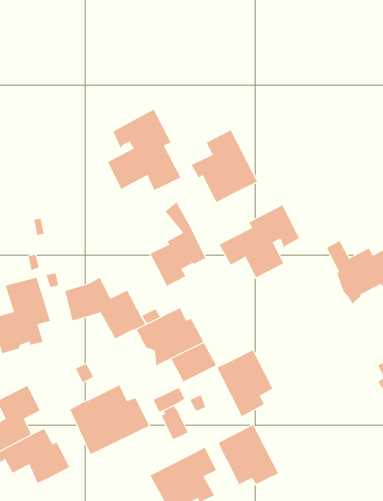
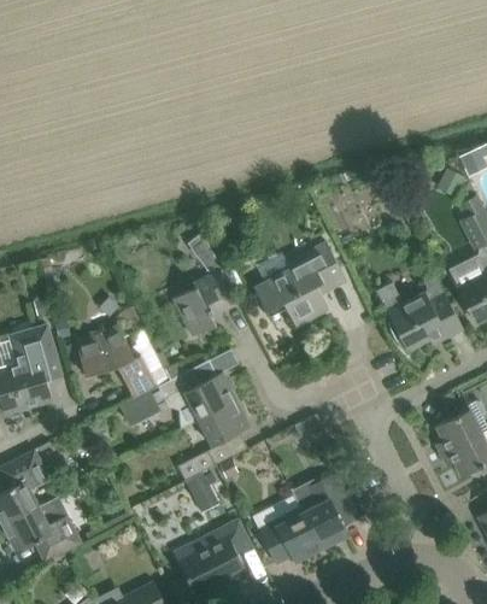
building: [107,109,181,191] -> none
building: [191,130,258,203] -> none
building: none -> [119,391,159,428]
building: [216,350,273,417] -> [293,474,358,551]
building: [69,385,150,455] -> none

